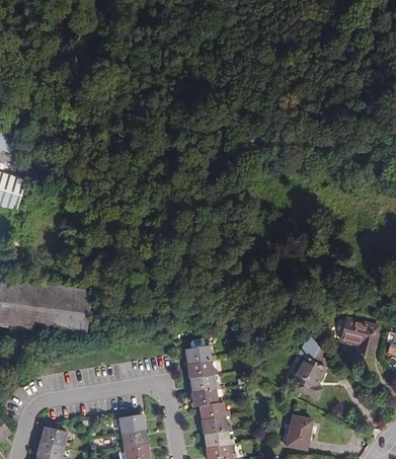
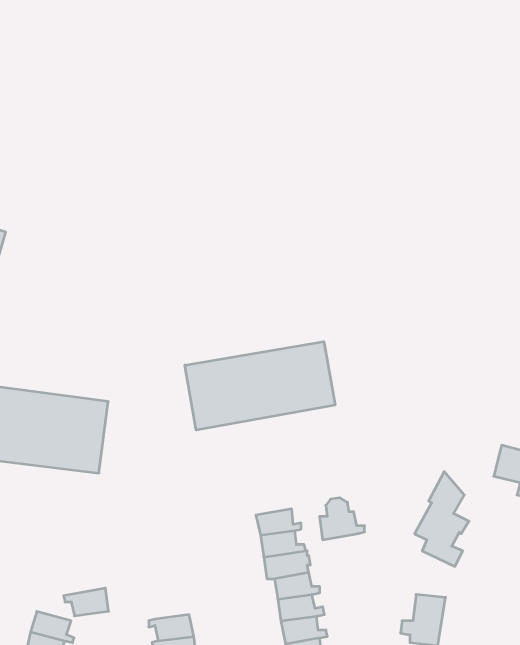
building: none -> [185,342,335,430]
building: [185,336,215,364] -> [320,498,365,540]
building: [114,413,144,432] -> [64,588,109,616]

